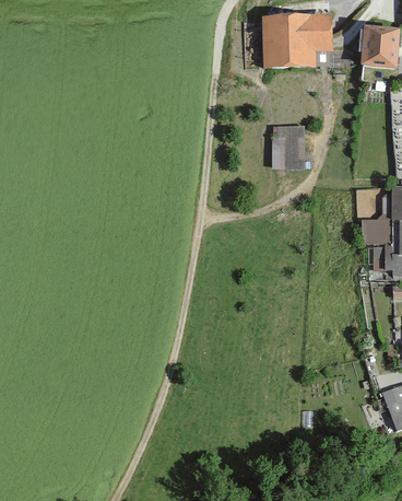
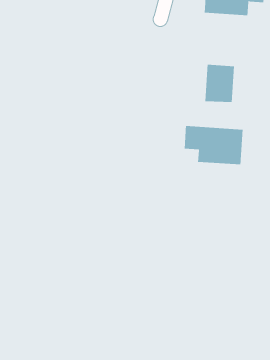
building: none -> [184,125,243,165]

